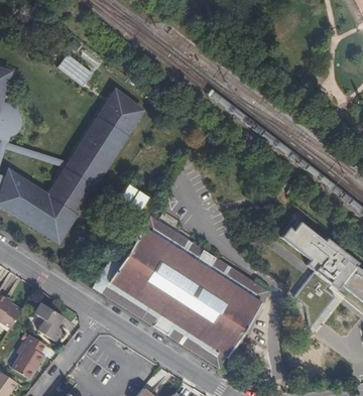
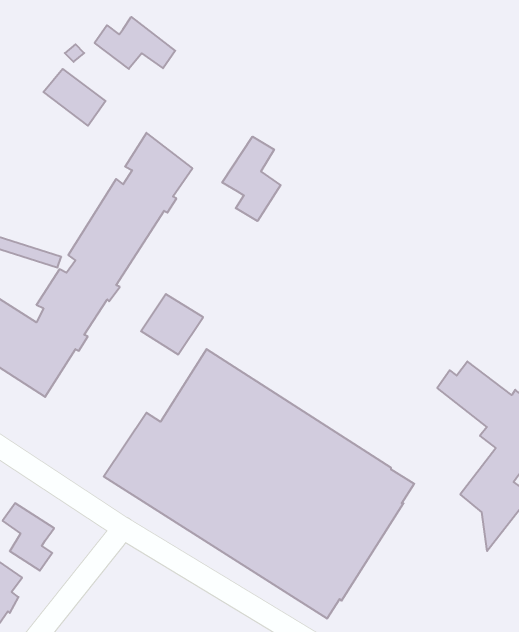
building: none -> [95,17,175,69]
building: none -> [222,137,281,221]

